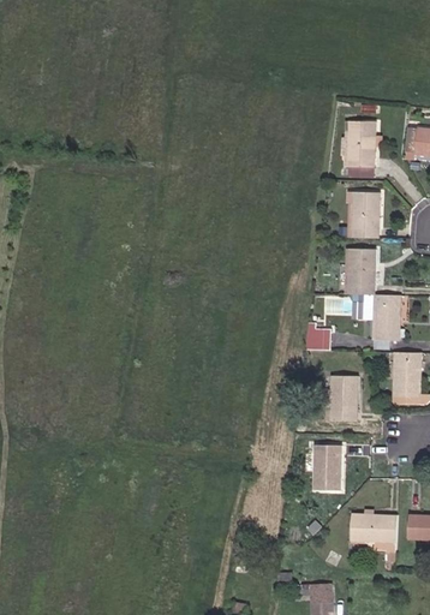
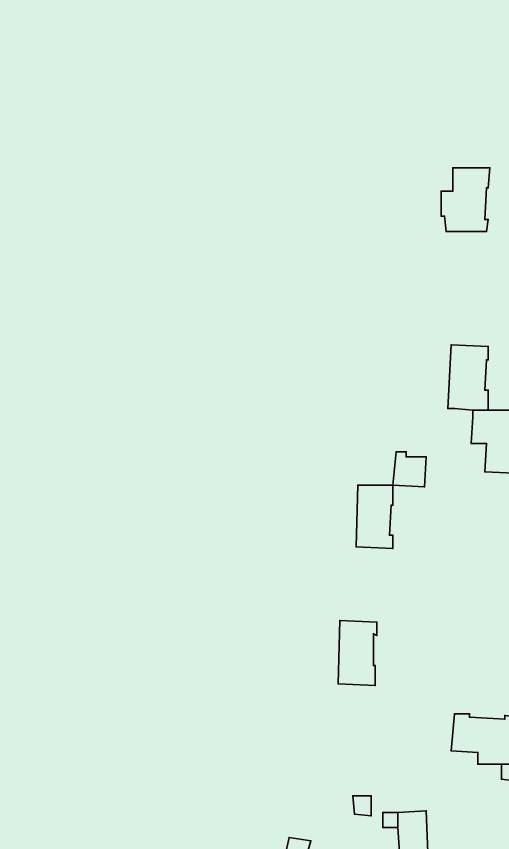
building: [352,192,380,238] -> none
building: [330,376,357,422] -> [356,485,393,549]
building: [313,444,341,491] -> [338,620,377,685]

